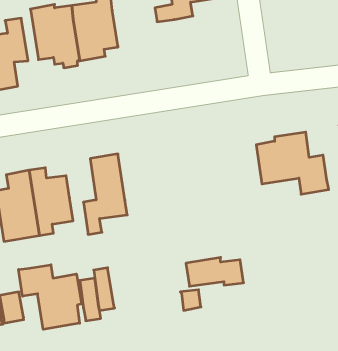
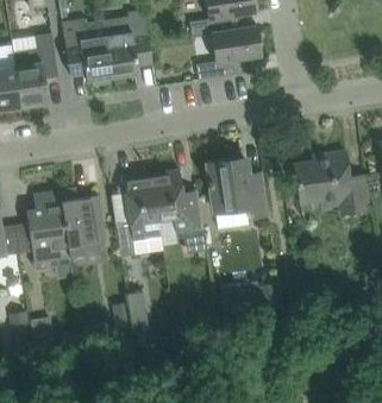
building: none -> [195,26,262,81]
building: none -> [207,159,268,228]
building: none -> [151,170,206,254]
building: [19,265,81,329] -> none

